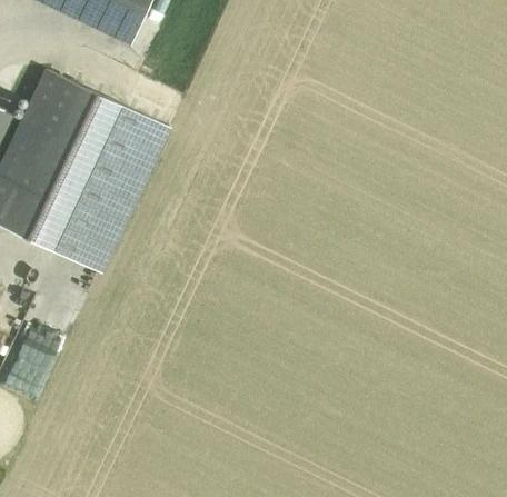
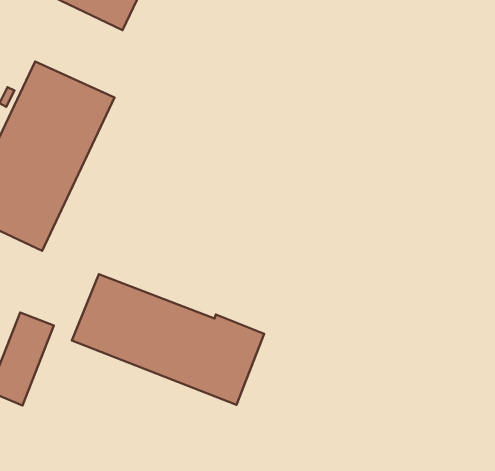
building: [54,106,167,272] -> none
building: none -> [72,274,264,405]

